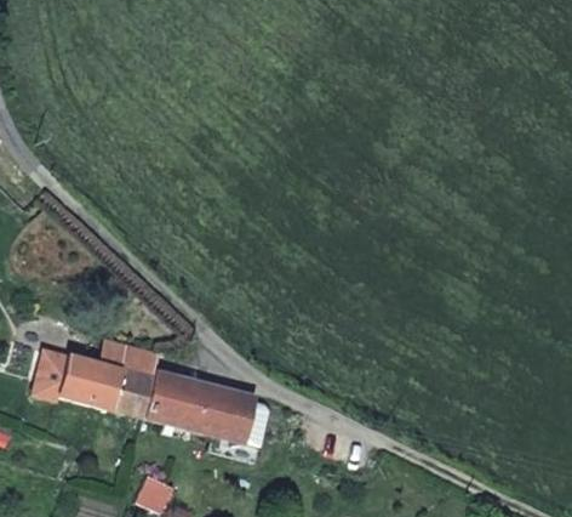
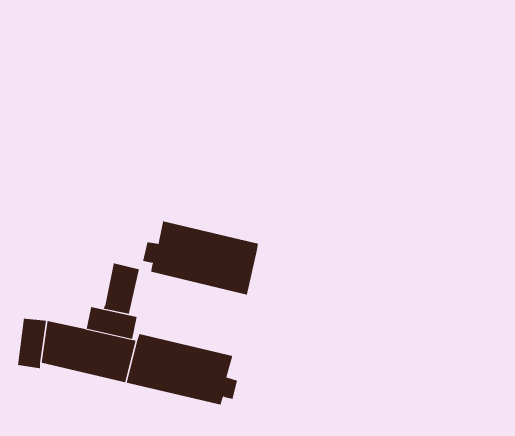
building: none -> [143,221,258,296]
building: none -> [103,263,139,314]

